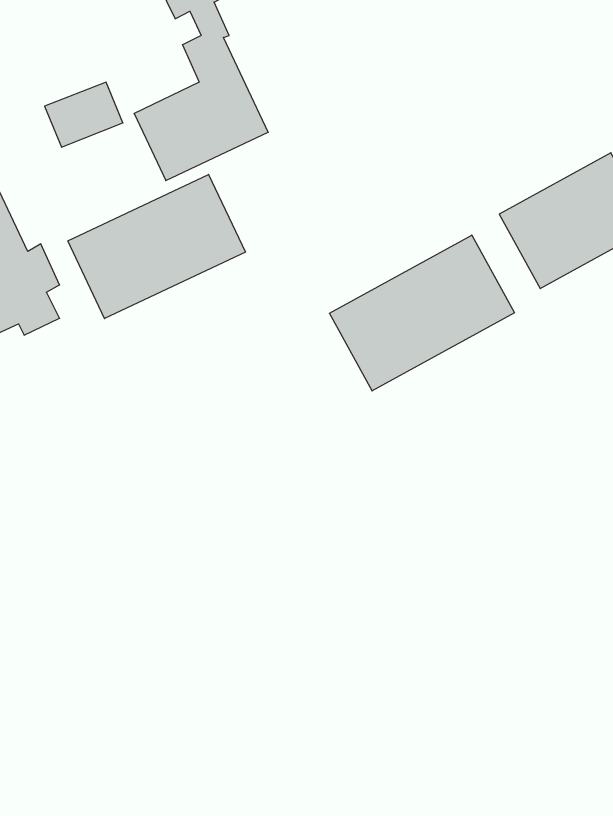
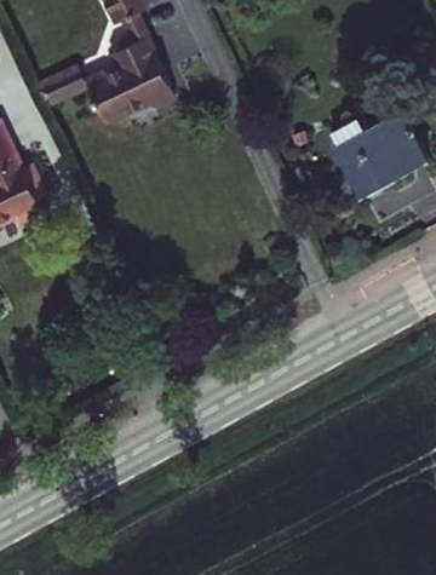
building: [68,174,245,319] -> none
building: [329,235,514,391] -> none

